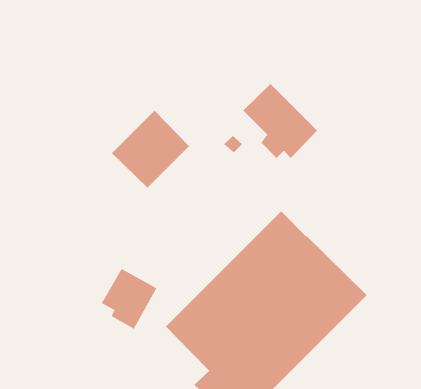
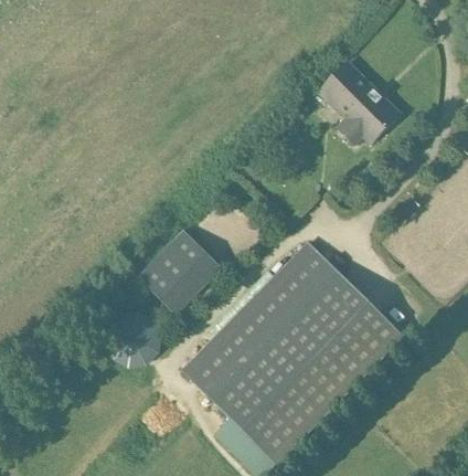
building: [242,83,318,159] -> [317,62,400,145]
building: [111,110,190,188] -> [137,228,223,314]

